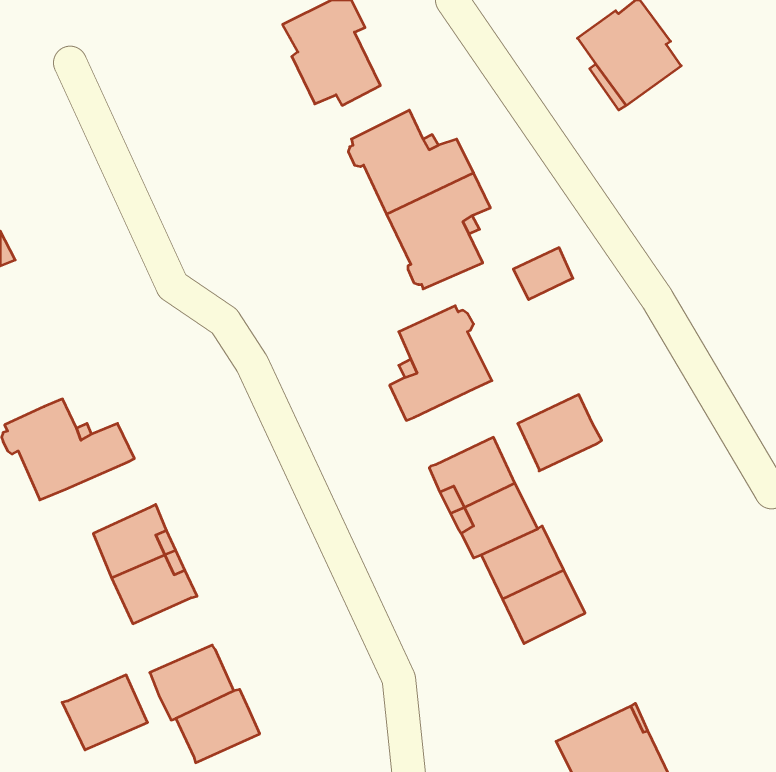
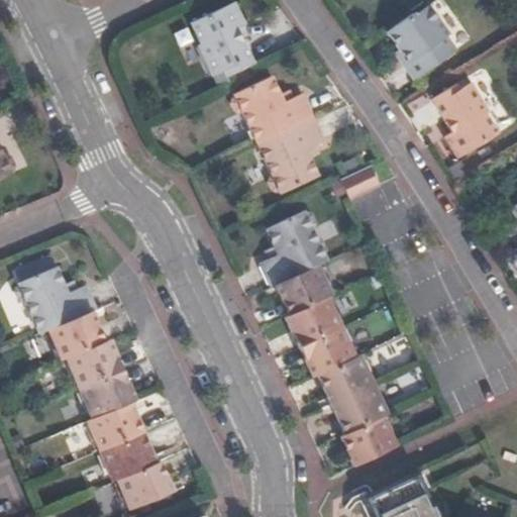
building: none -> [428,83,496,164]
building: [518,395,602,471] -> [277,263,332,313]
building: none -> [46,311,102,359]
building: none -> [344,413,401,464]
building: [62,675,148,750] -> [87,401,143,450]

